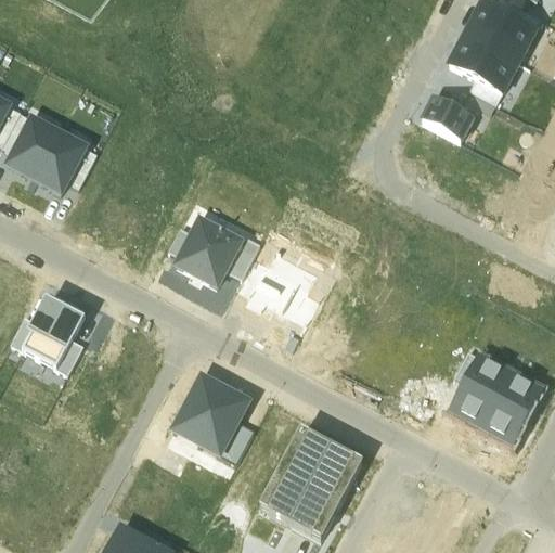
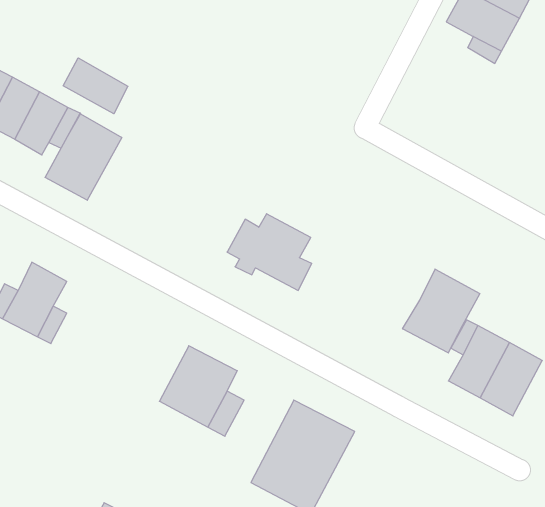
building: [422,97,473,140] -> none
building: none -> [63,58,128,114]
building: none -> [45,114,122,200]
building: [176,221,241,288] -> none
building: none -> [403,269,480,353]

